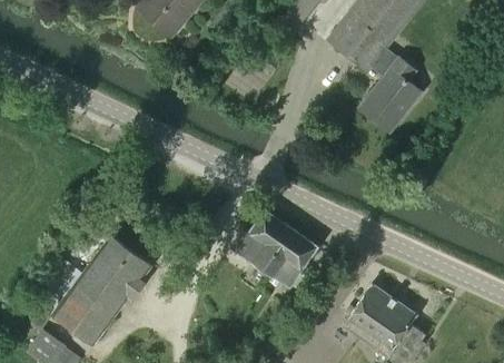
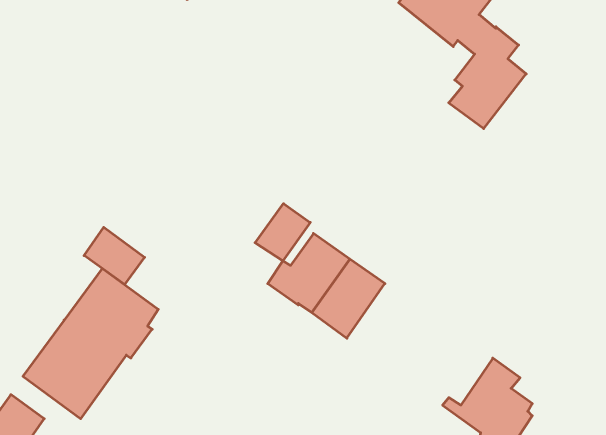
building: none -> [255,204,310,261]
building: none -> [84,227,145,285]
building: [343,284,396,335] -> none

